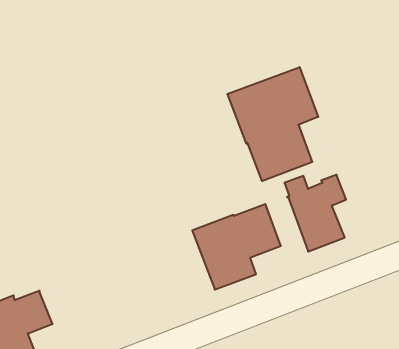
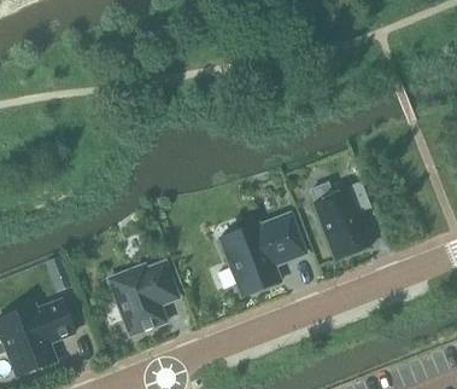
building: [227,67,318,181] -> none
building: none -> [109,260,180,336]

